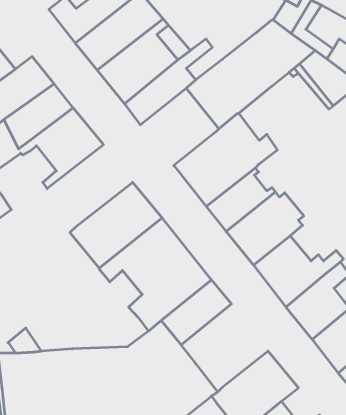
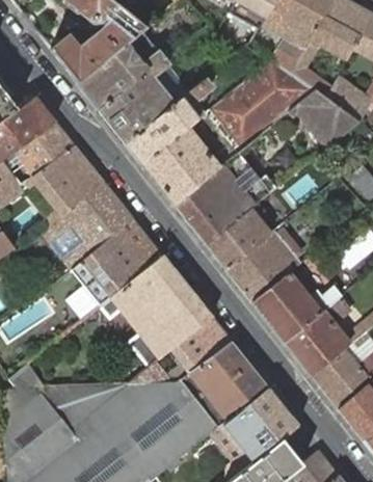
building: none -> [141,126,219,203]
building: none -> [42,182,134,269]
building: none -> [182,340,268,427]

